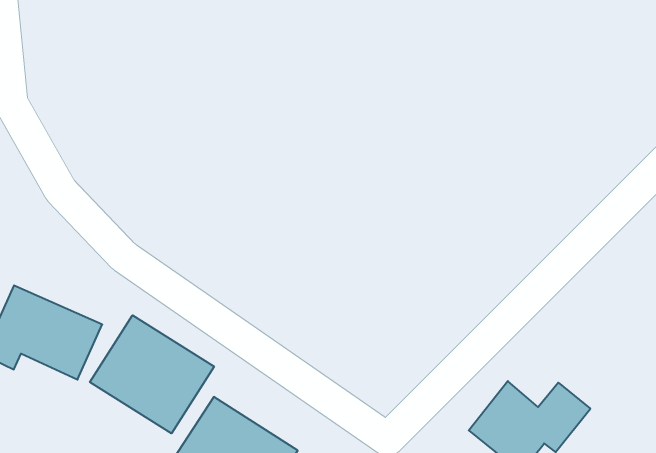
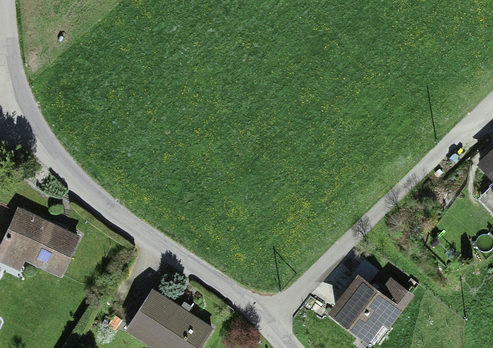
building: [90,315,214,433] -> none

